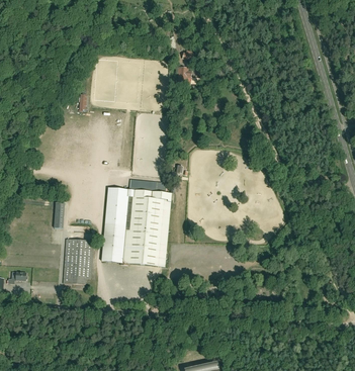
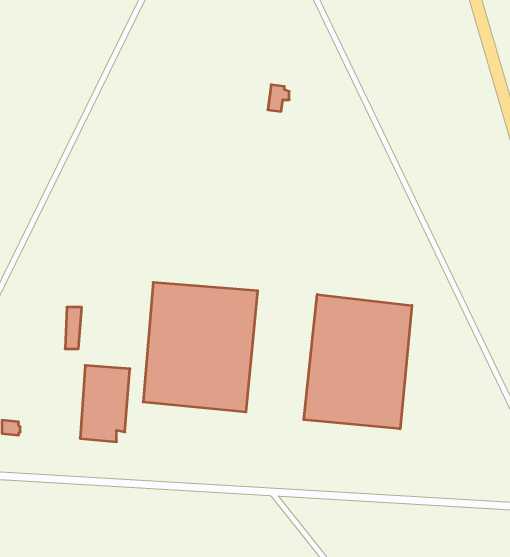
building: none -> [304,294,412,429]

